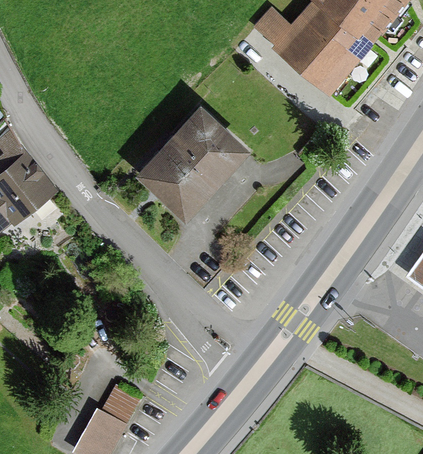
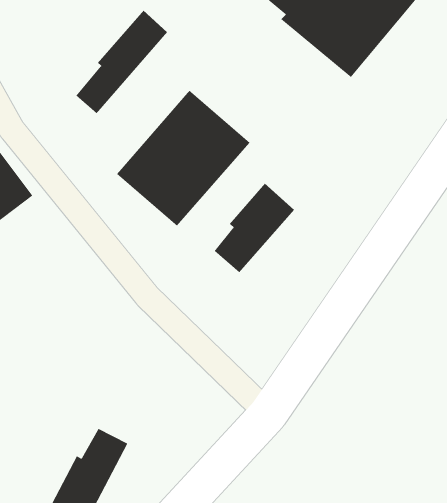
building: none -> [76,10,168,114]
building: none -> [214,183,295,273]

